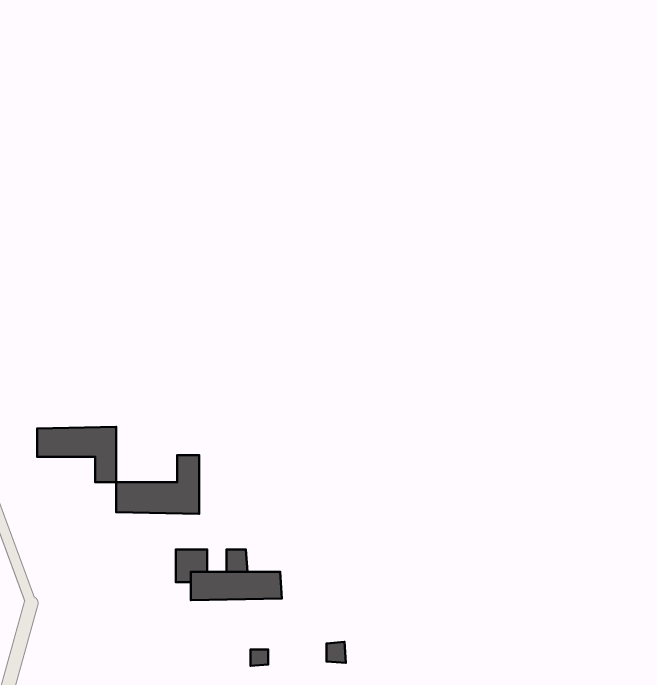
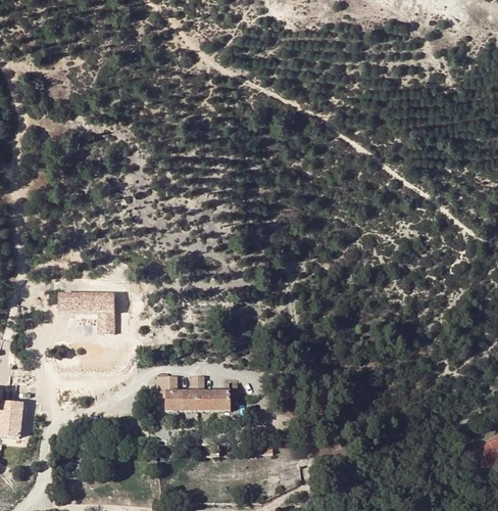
building: [116,455,199,514] -> none

